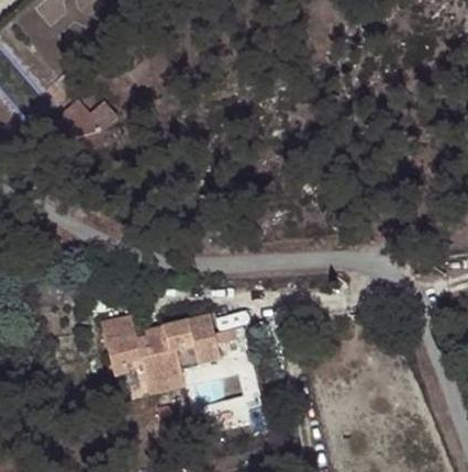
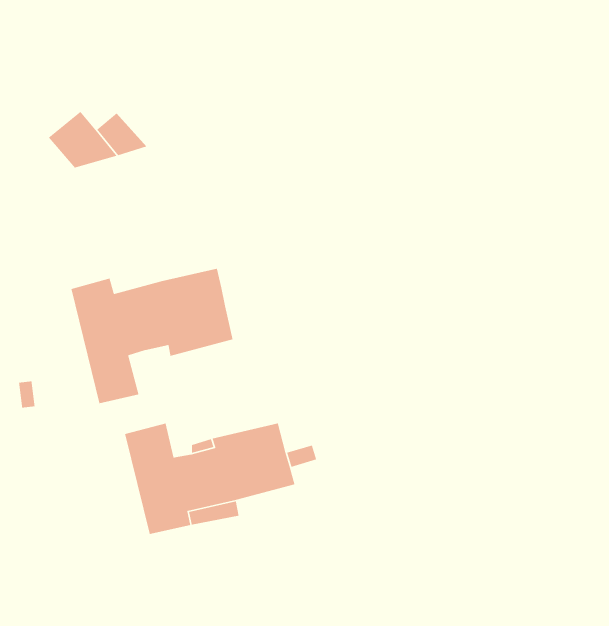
building: none -> [70,268,234,404]

